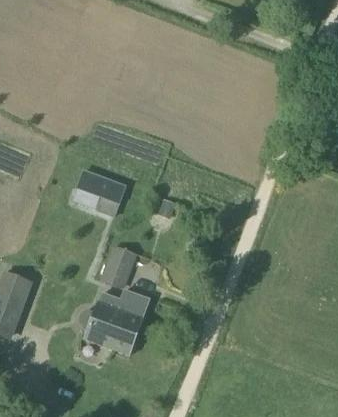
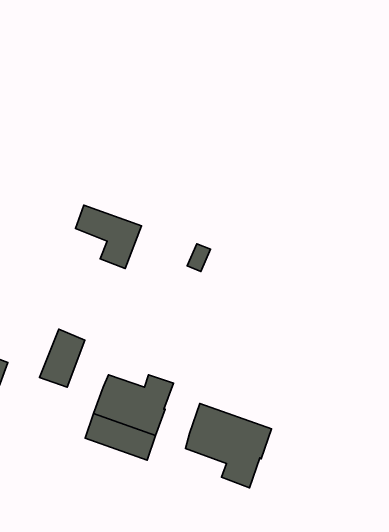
building: [101,248,134,290] -> [39,329,85,387]
building: none -> [186,403,271,488]

